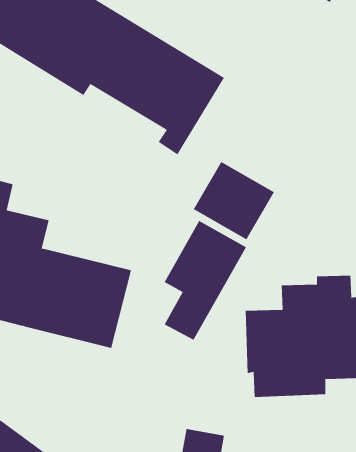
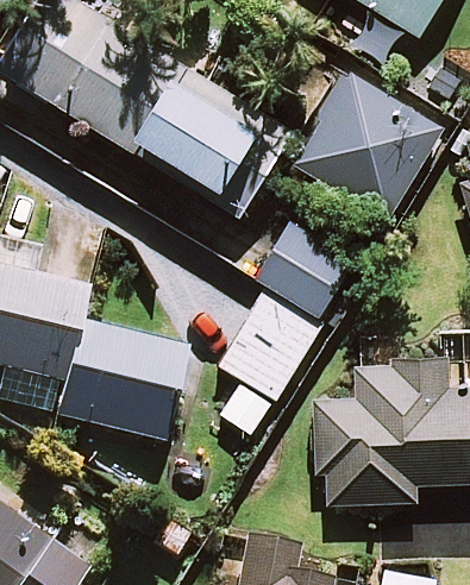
building: none -> [295,69,443,218]

